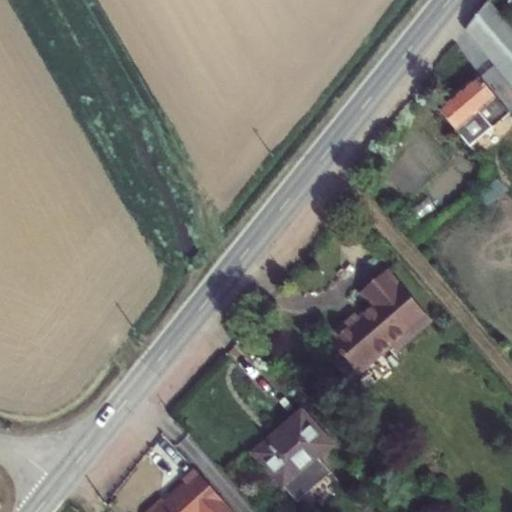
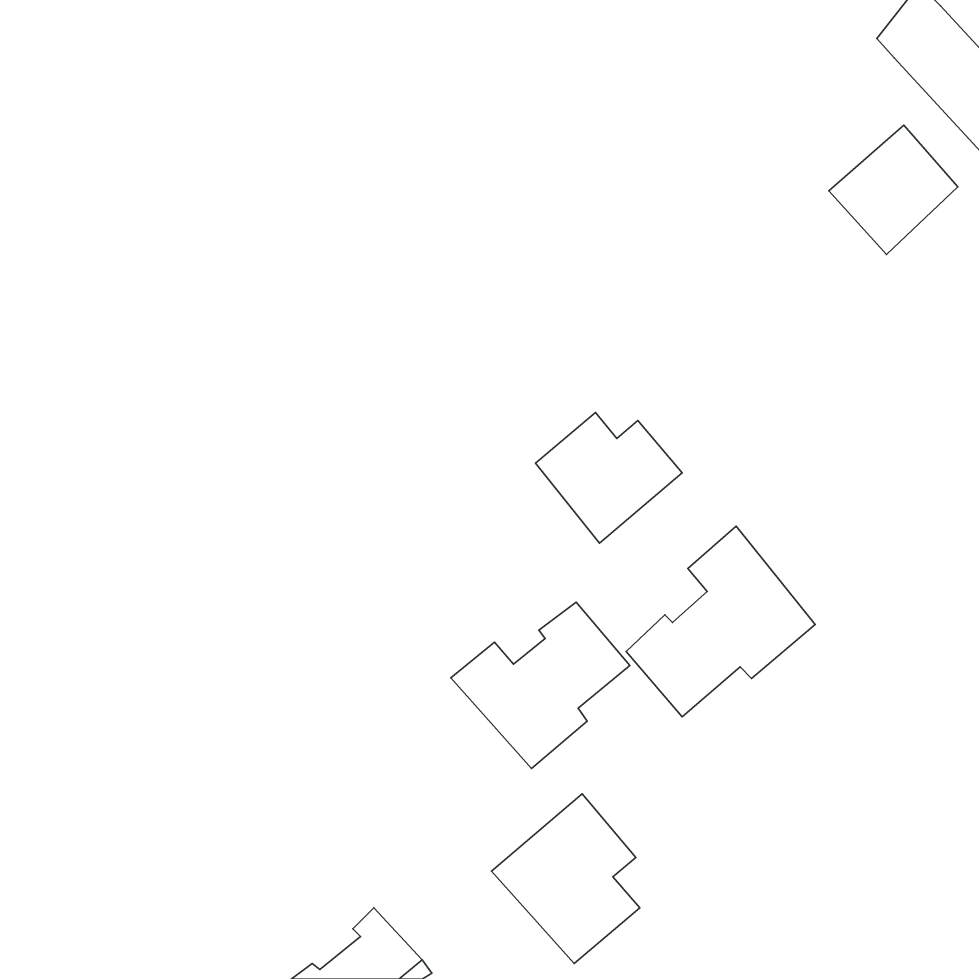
building: none -> [535,412,682,543]
building: none -> [451,602,630,768]

